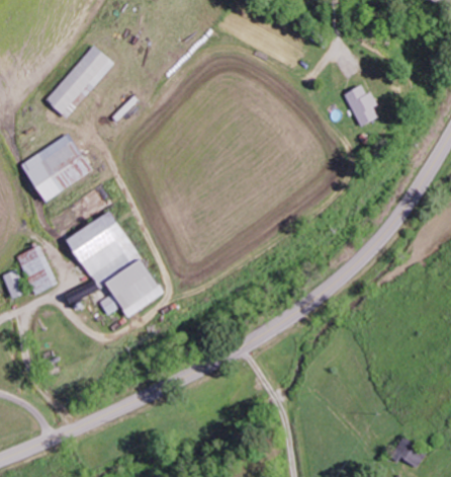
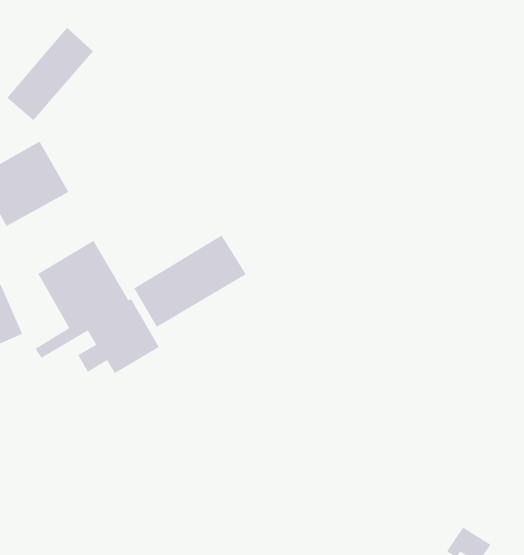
building: [341,86,377,129] -> none
building: none -> [133,234,247,328]

